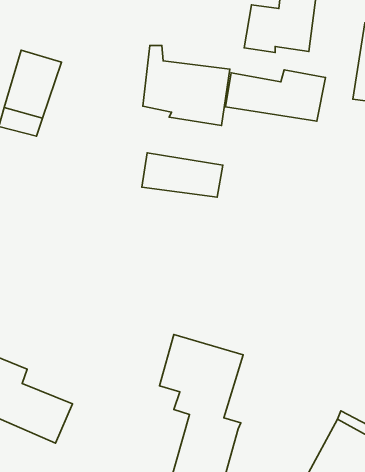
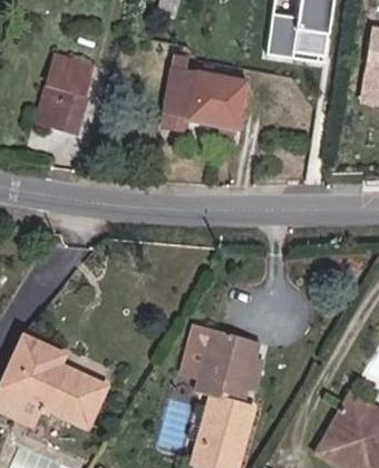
building: [225,70,325,121] -> none
building: [142,153,223,197] -> none

